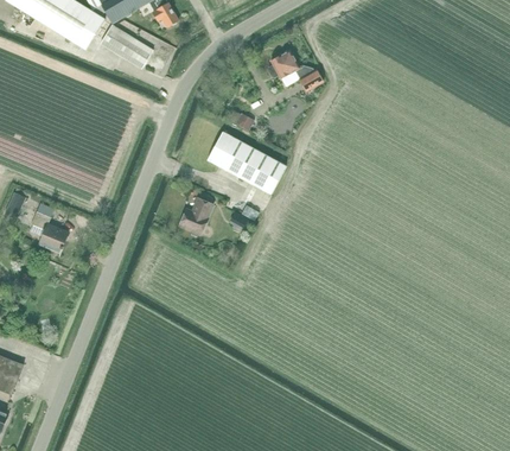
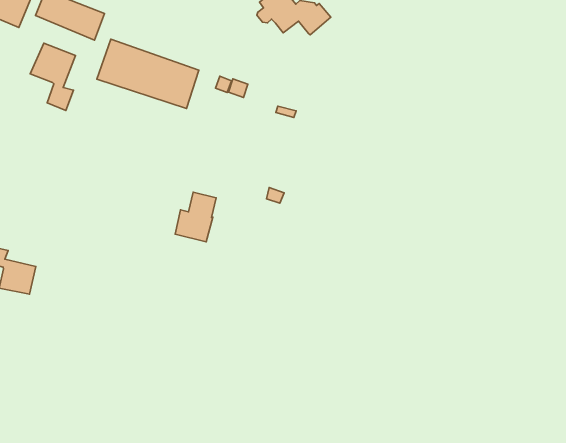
building: none -> [30,43,76,110]
building: [206,131,285,192] -> [97,39,199,108]

